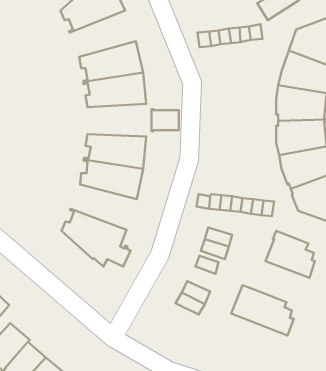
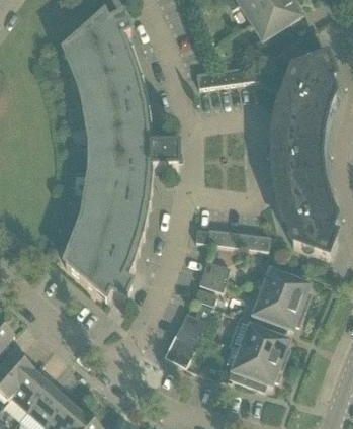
building: none -> [73,51,137,95]
building: none -> [90,141,147,172]
building: none -> [74,219,138,262]
building: none -> [251,292,304,332]
building: none -> [164,333,197,366]
building: none -> [230,348,283,388]

